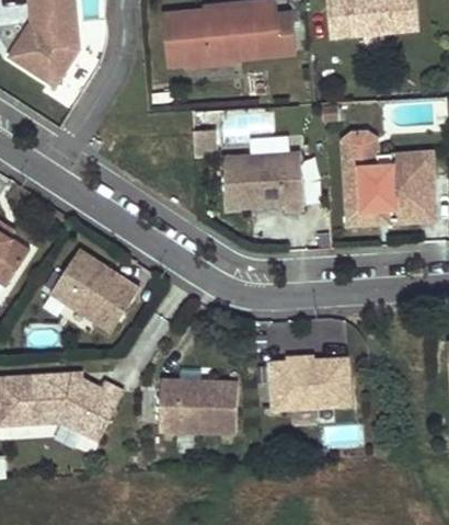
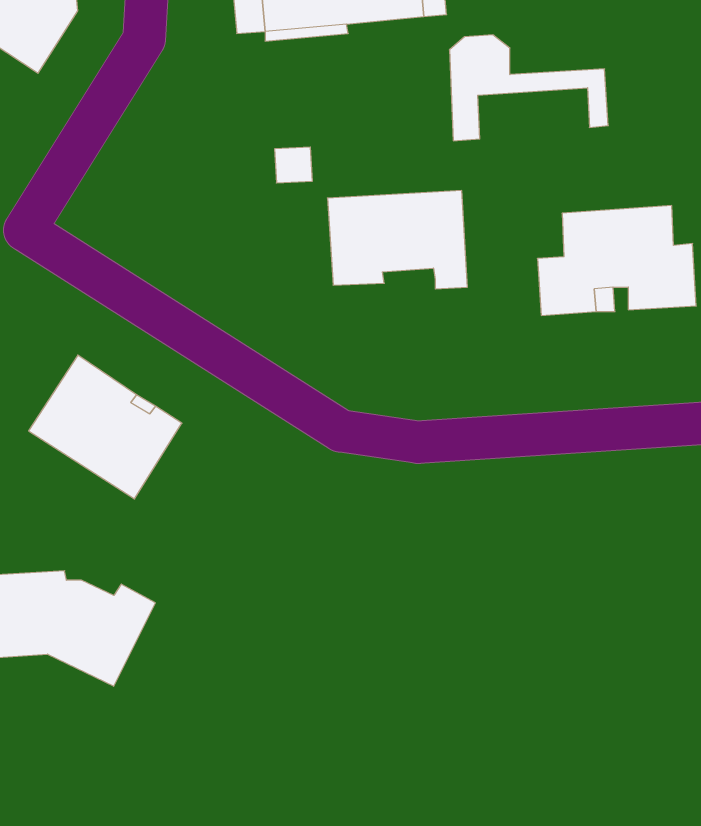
building: [342,132,434,193] -> [449,35,608,141]
building: [269,358,349,410] -> none
building: [159,379,237,433] -> none

